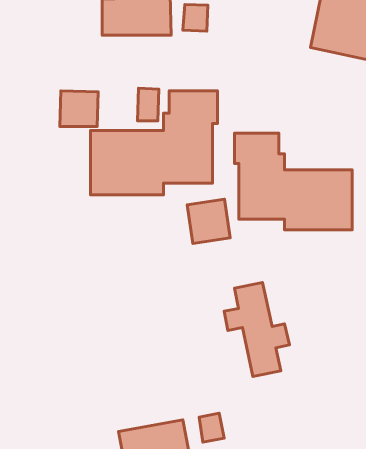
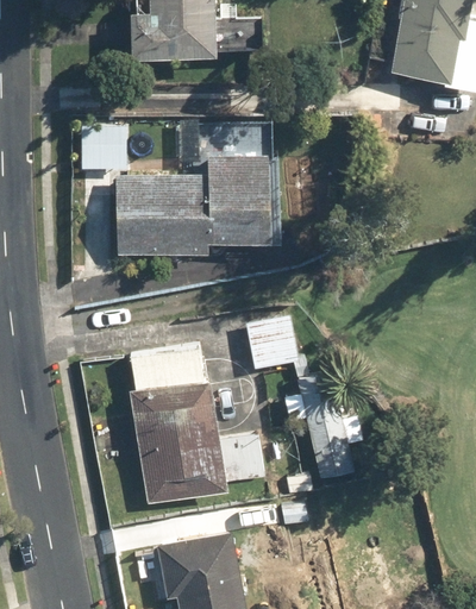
building: [234,133,352,230] -> none
building: [187,199,230,243] -> [245,316,299,371]
building: none -> [126,346,265,506]

